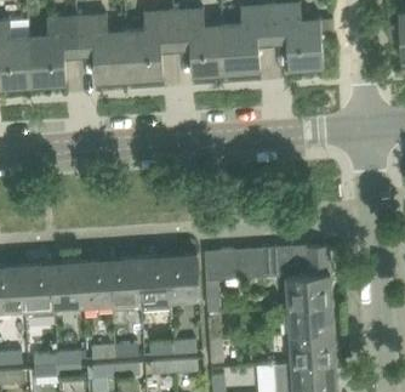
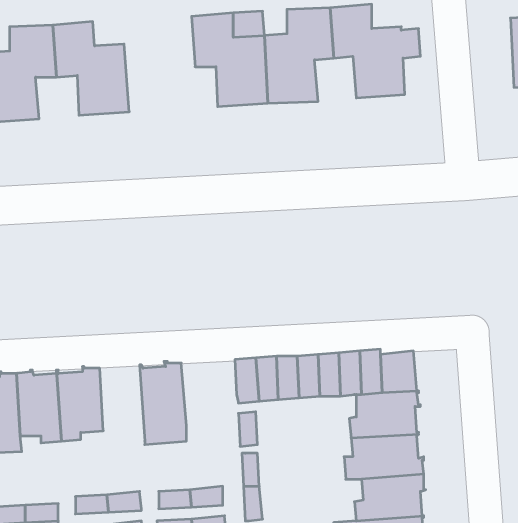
building: [127,12,177,79] -> none
building: [167,252,200,303] -> none
building: [110,256,142,311] -> none

